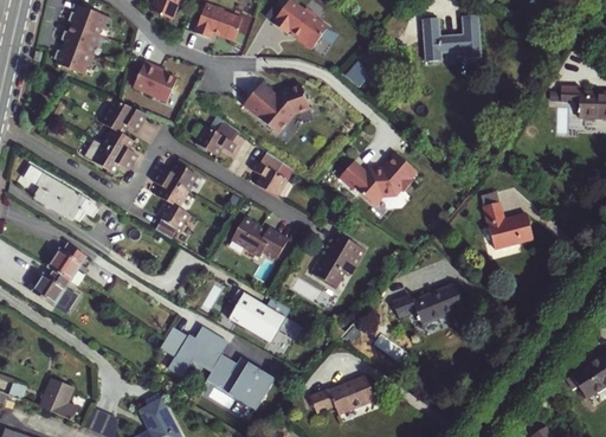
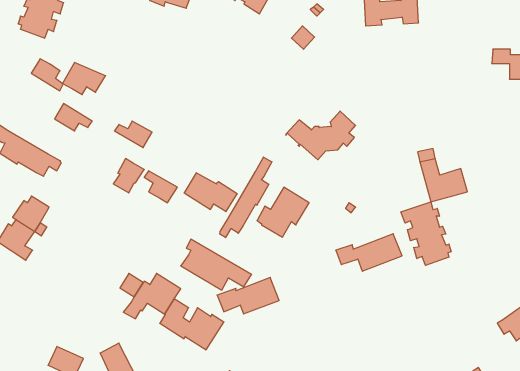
building: [133,60,176,102] -> none
building: [244,83,310,134] -> none
building: [194,120,238,155] -> none
building: [102,128,136,162] -> [31,59,63,91]
building: [251,150,291,197] -> none
building: [152,173,187,207] -> [144,171,177,203]
building: none -> [220,157,272,238]
building: none -> [401,202,451,265]
building: [309,375,375,414] -> [217,277,279,314]
building: [39,378,76,419] -> none

